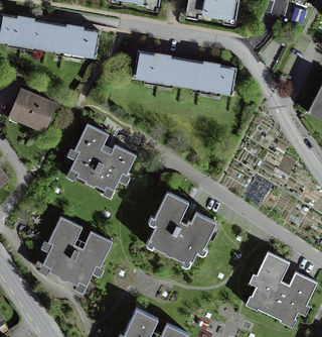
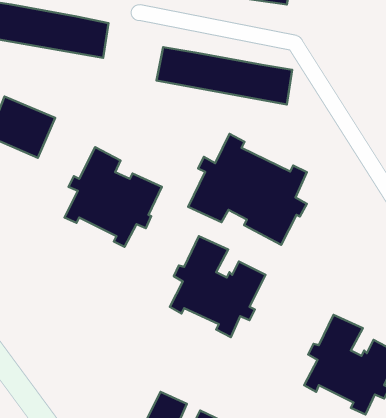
building: none -> [188,134,307,245]
building: [38,218,113,294] -> none

